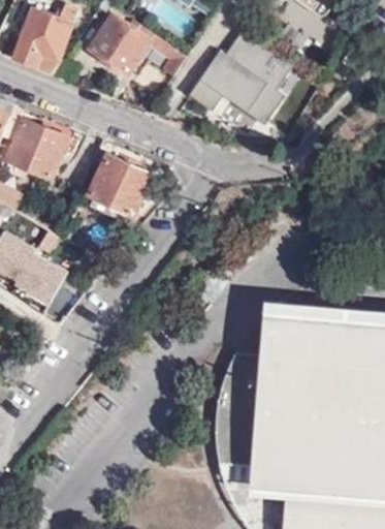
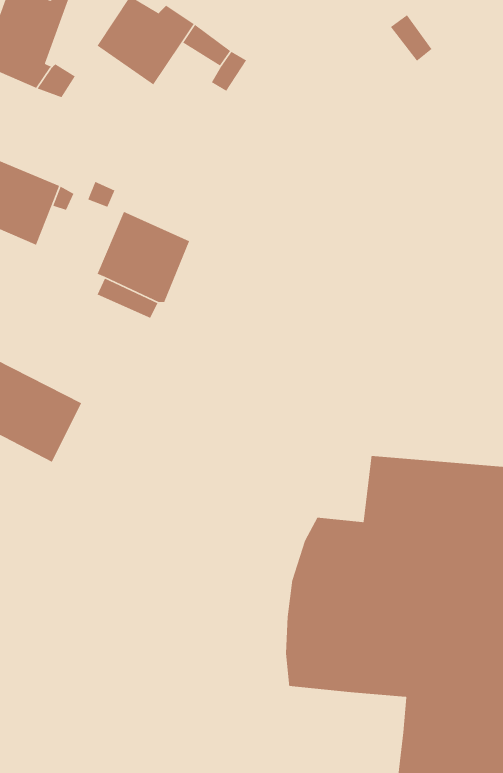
building: [189,29,296,136] -> none
building: [251,467,289,493] -> none

